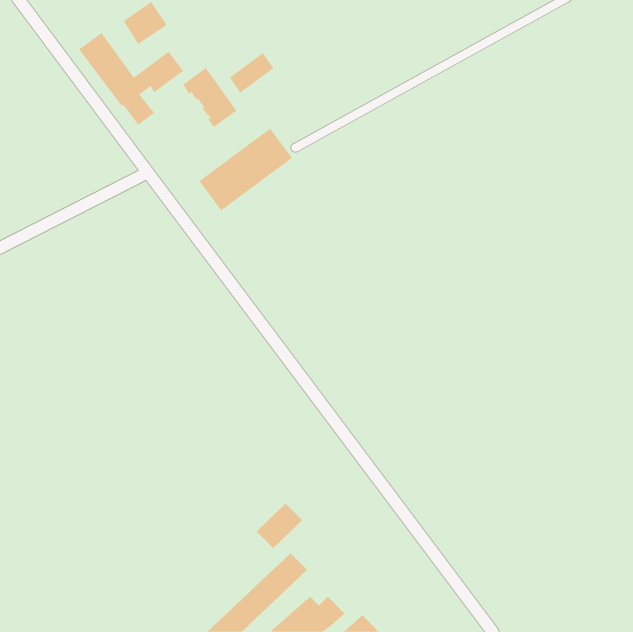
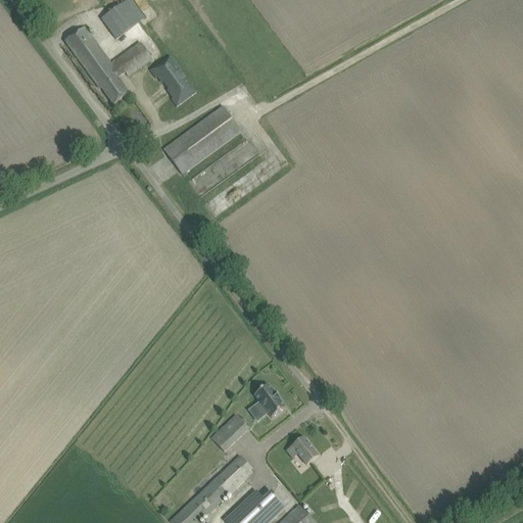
building: [229,52,274,93] -> none
building: none -> [253,384,285,417]
building: none -> [286,436,318,465]

